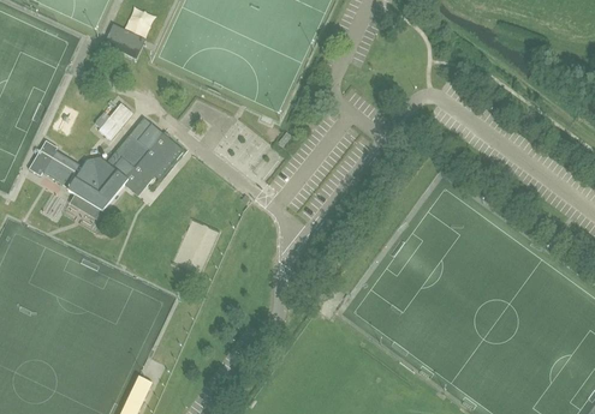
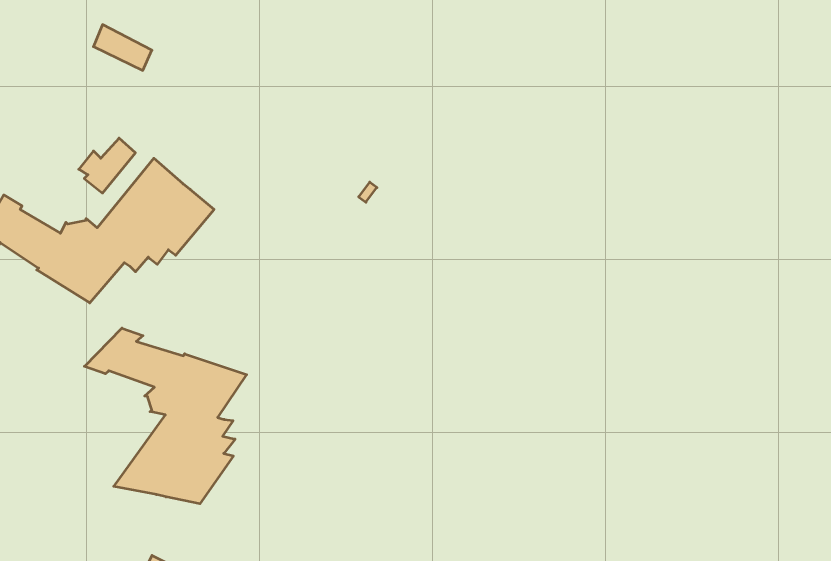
building: none -> [84,328,247,504]

